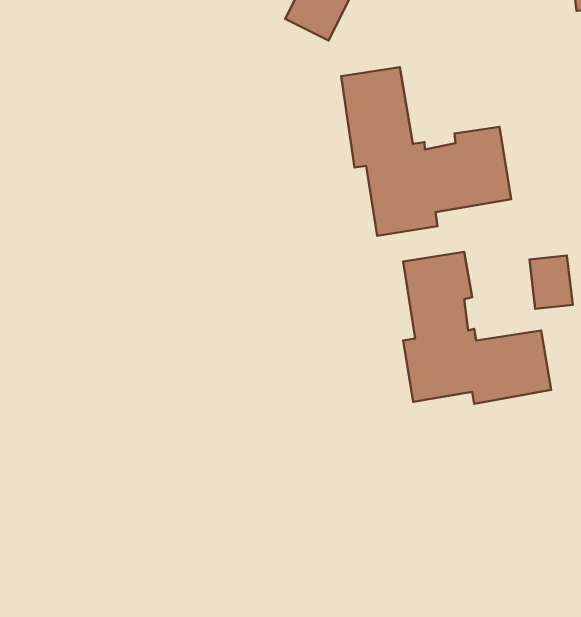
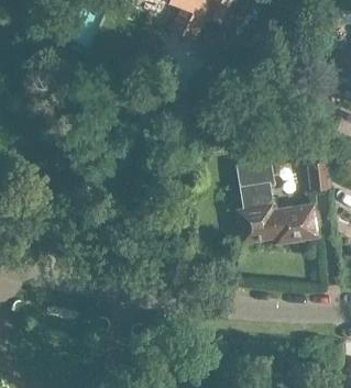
building: [341,67,511,236] -> none

